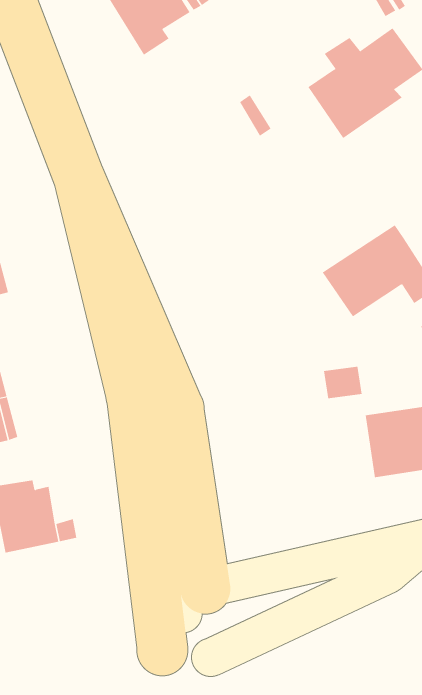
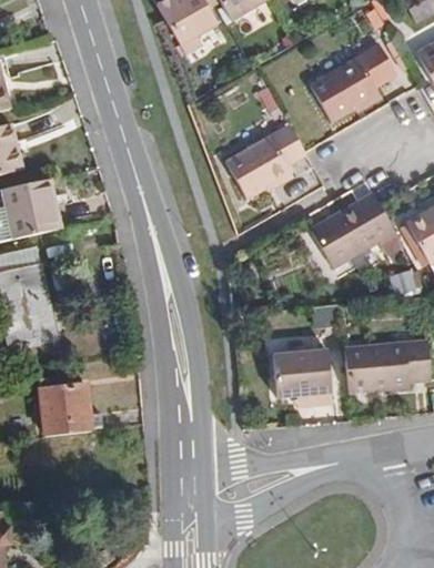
building: none -> [222,126,301,199]
building: none -> [269,346,327,408]

